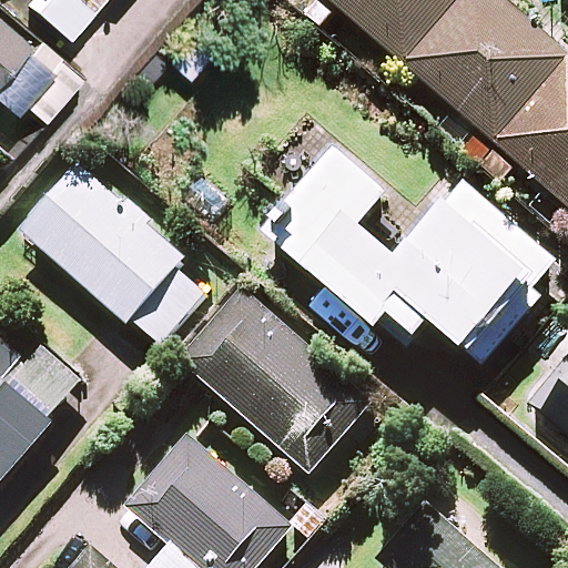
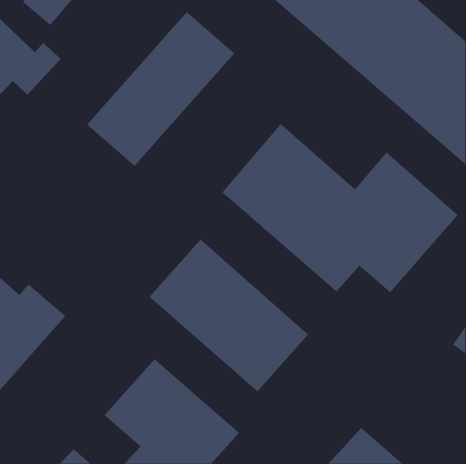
building: none -> [86,11,235,167]
building: [21,164,209,345] -> none

